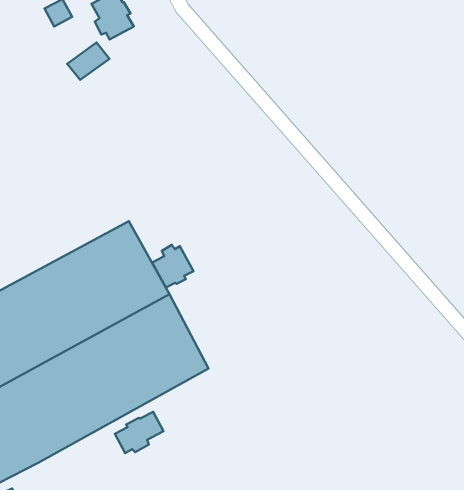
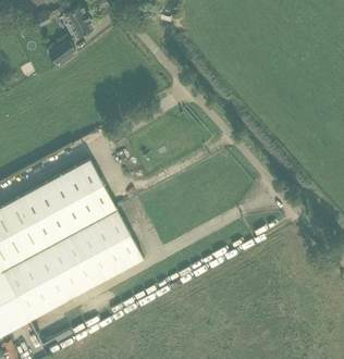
building: [152,245,194,287] -> none
building: [115,412,164,453] -> none

